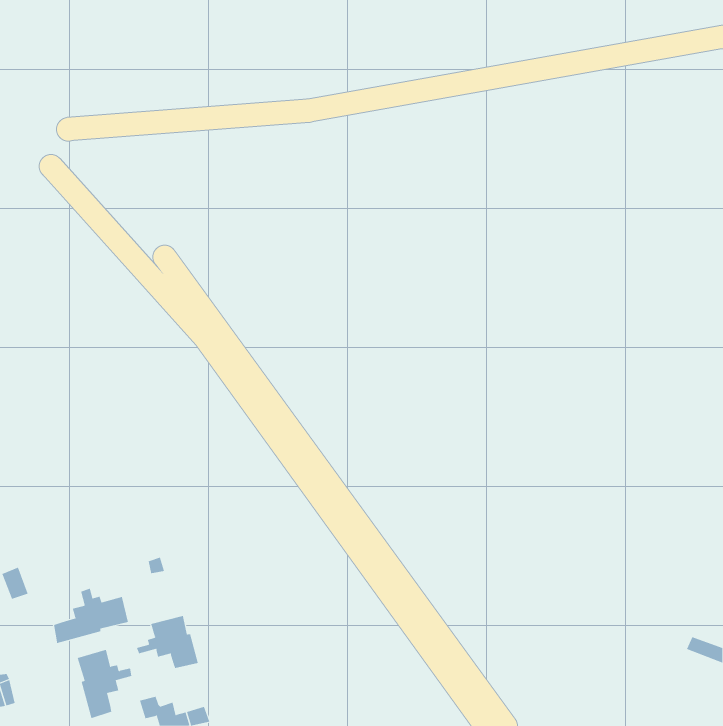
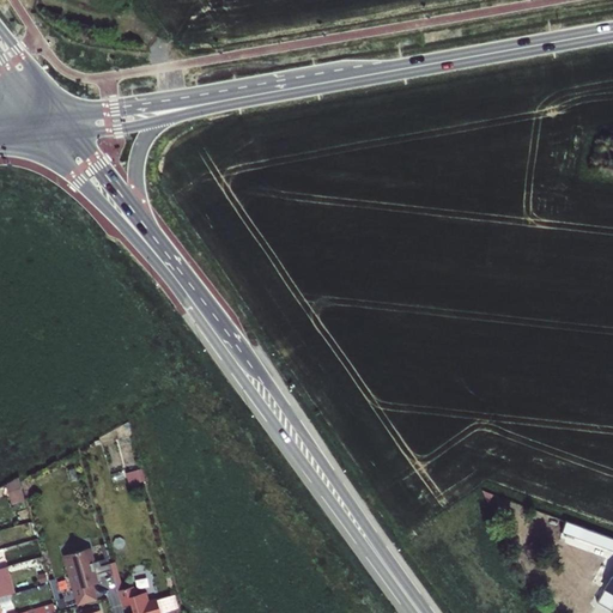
building: [53,588,129,644] -> none
building: [136,615,199,669] -> none

